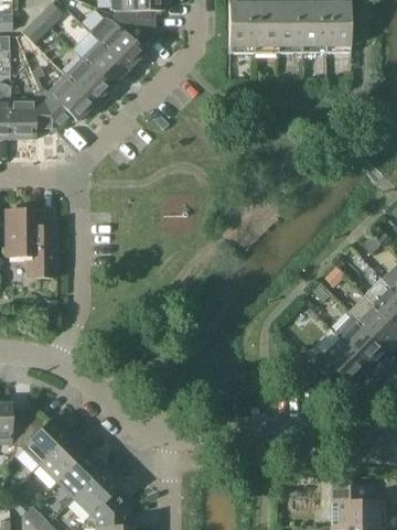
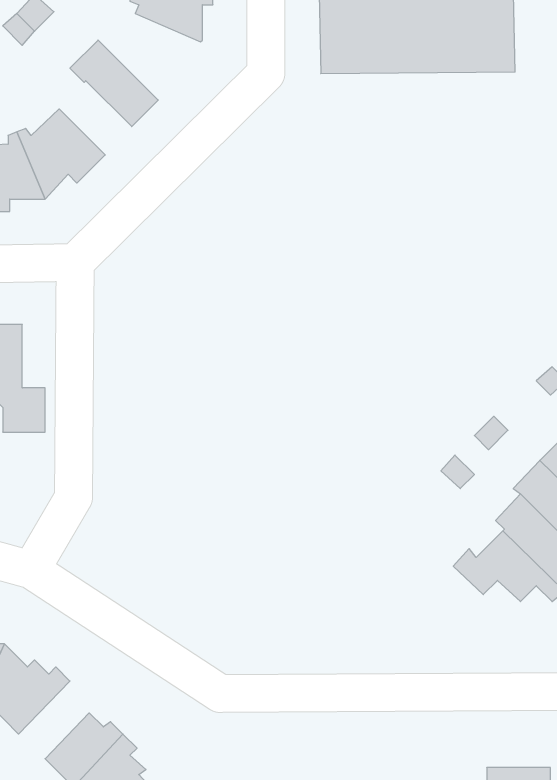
building: [88,15,153,69] -> none
building: [65,57,110,104] -> none
building: [40,432,84,480] -> none

